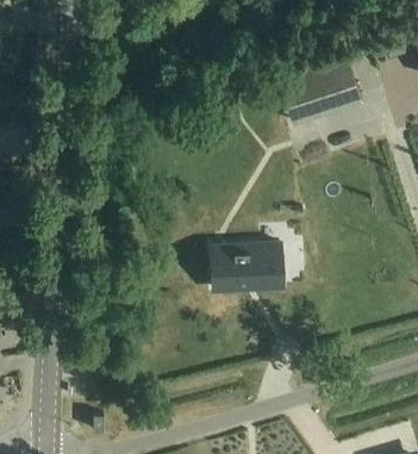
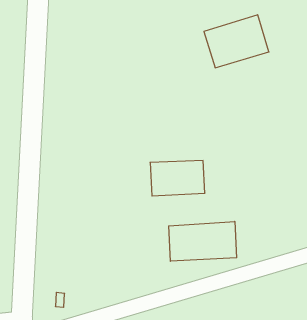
building: none -> [169,221,237,261]

